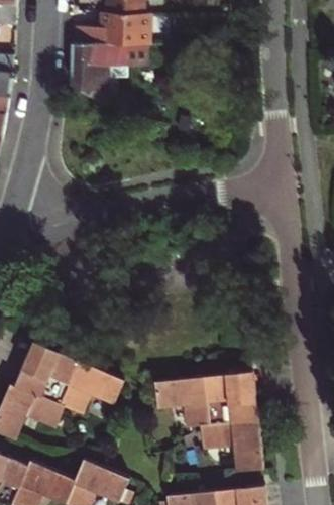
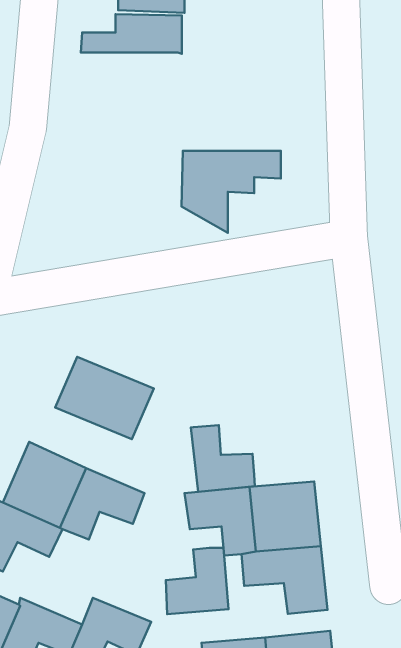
building: [75,46,150,109] -> [181,151,281,233]
building: none -> [55,357,154,439]
building: none -> [191,425,255,492]
building: none -> [166,548,229,614]

